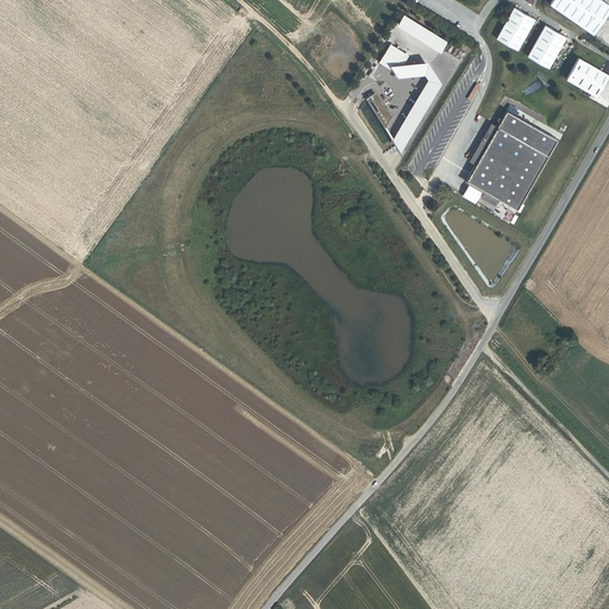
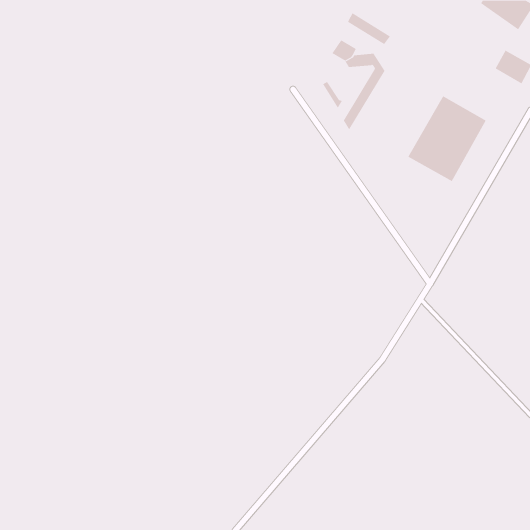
building: [497,7,536,51] -> none
building: [528,25,567,69] -> none

